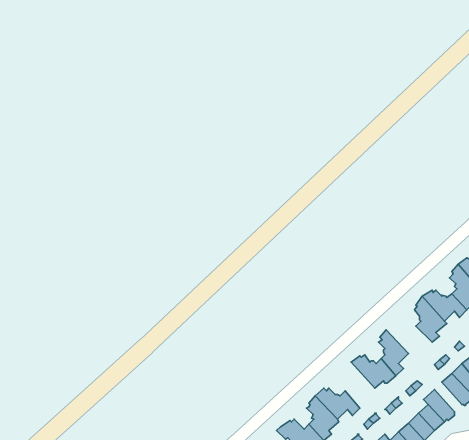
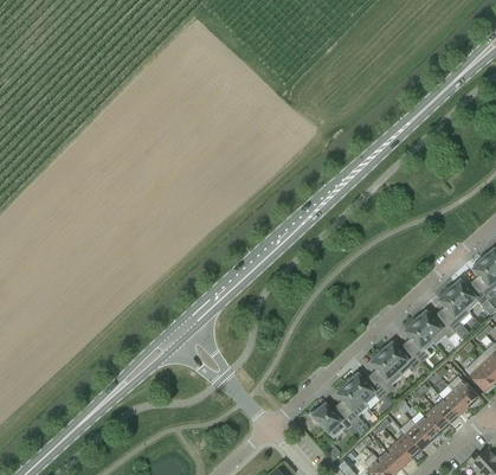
building: none -> [412,313,456,345]
building: none -> [371,351,401,394]

